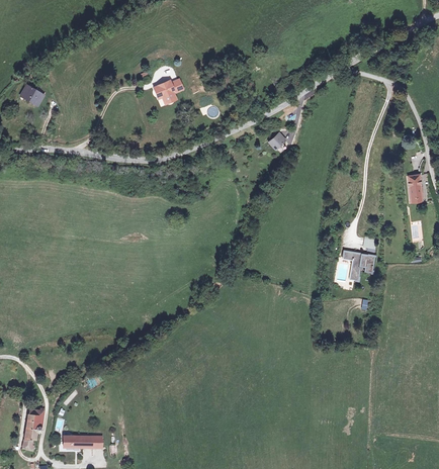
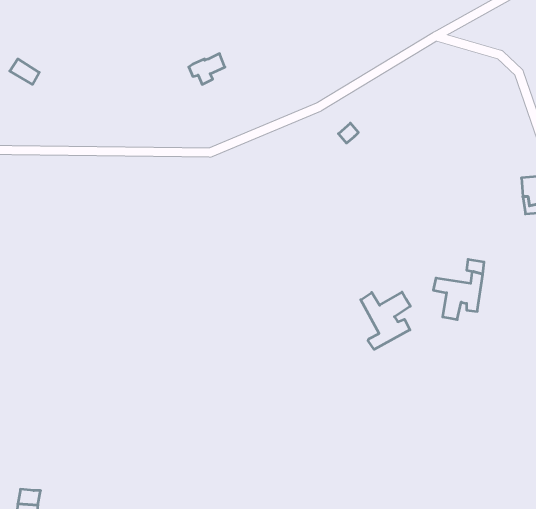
building: none -> [361,292,410,349]

